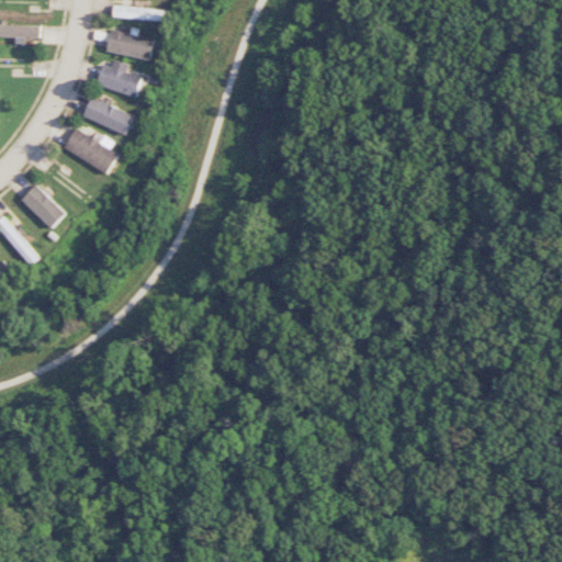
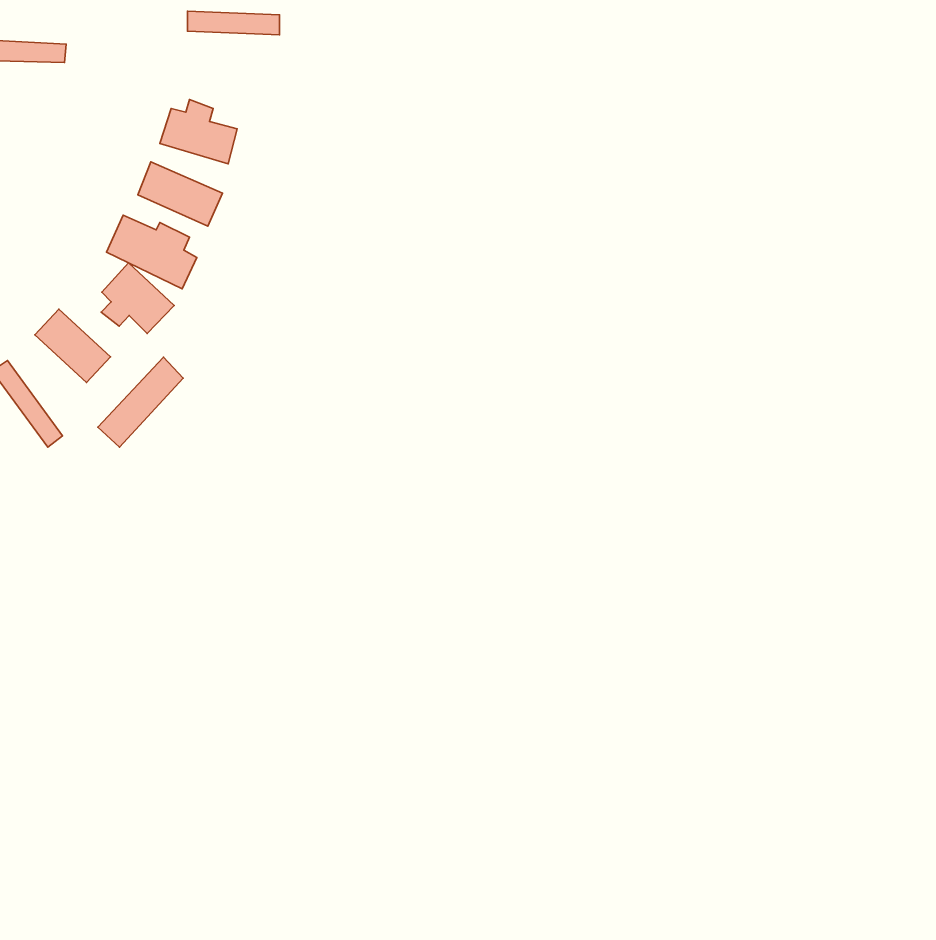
building: [105,30,154,60] -> none
building: none -> [101,263,174,333]
building: none -> [98,357,183,447]

